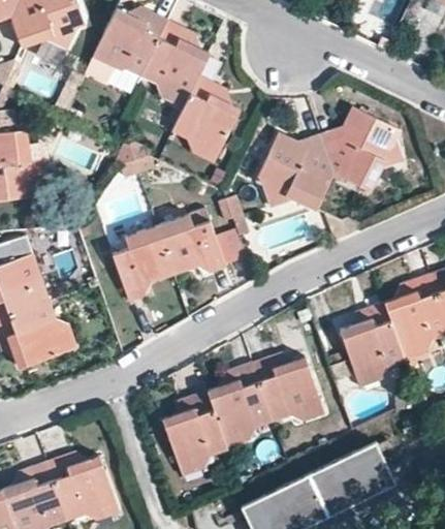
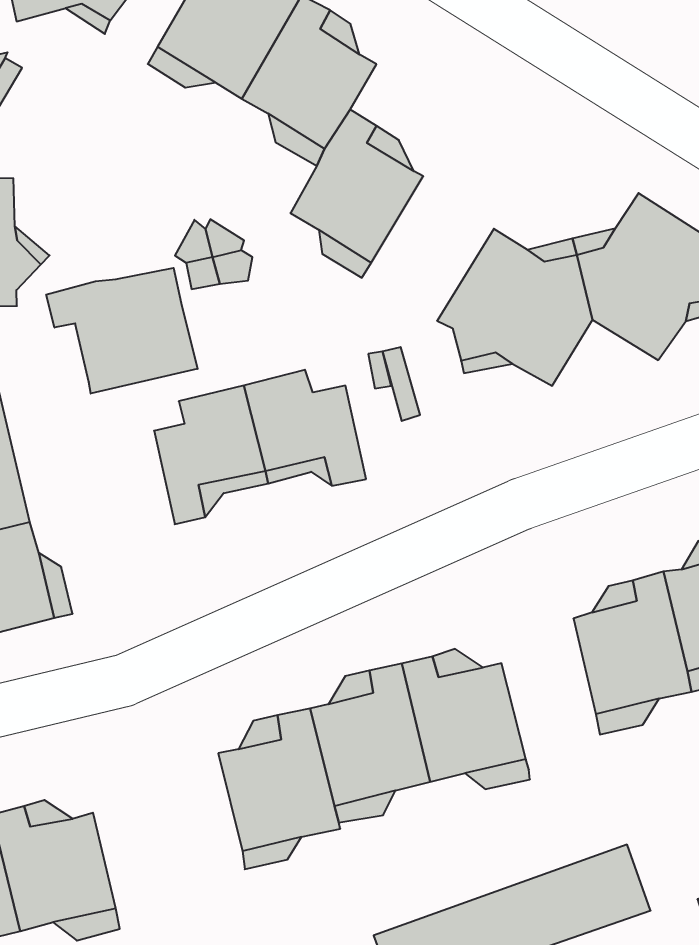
building: none -> [46,268,198,394]

